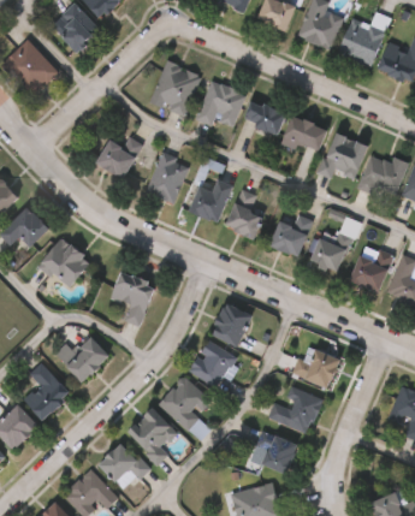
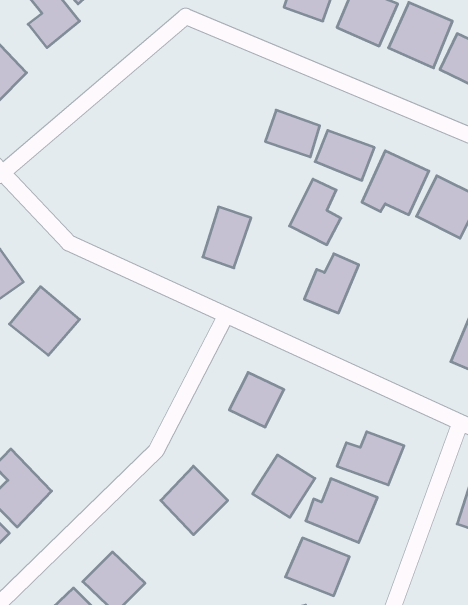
building: [148,60,200,115] -> none
building: [194,81,243,130] -> none
building: [93,134,142,179] -> none
building: [143,152,188,203] -> none
building: [220,189,260,239] -> [289,179,341,245]
building: [306,230,351,274] -> none
building: [345,244,391,292] -> none
building: [114,269,161,327] -> none
building: [58,337,115,384] -> none
building: [188,338,236,386] -> [253,455,315,517]
building: [128,407,177,462] -> none

